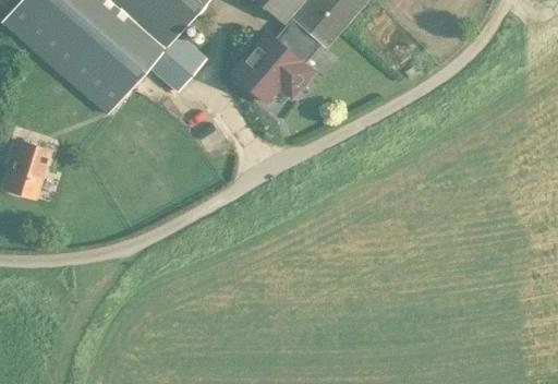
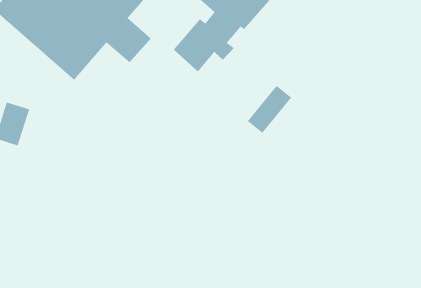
building: none -> [247,85,292,134]

